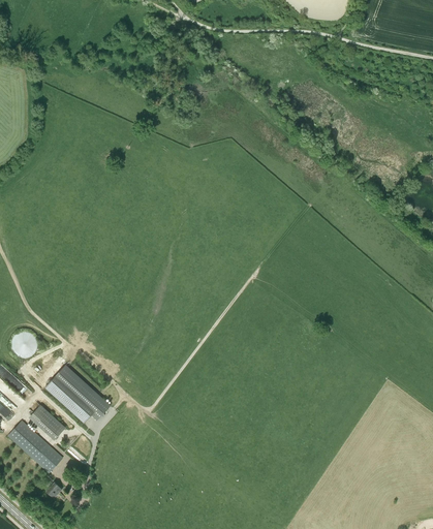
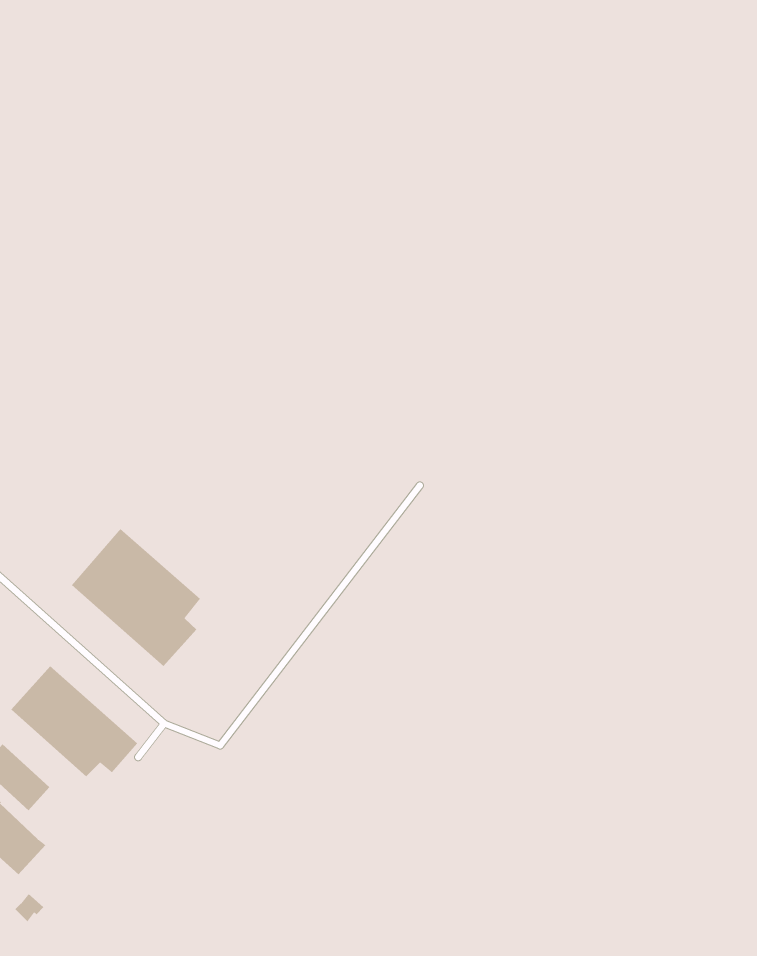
building: none -> [71,528,201,667]

